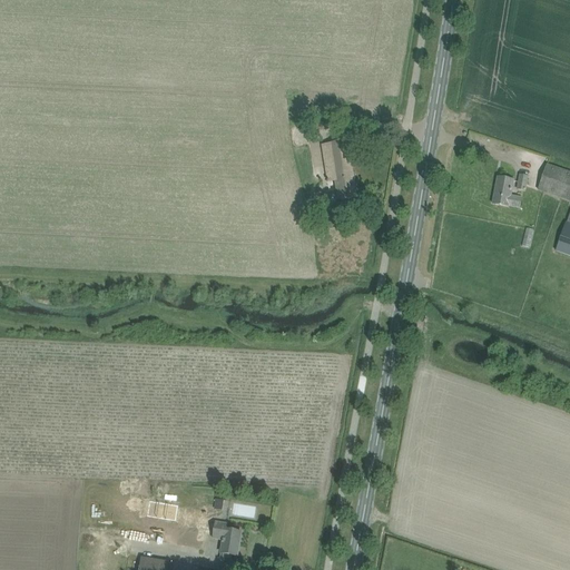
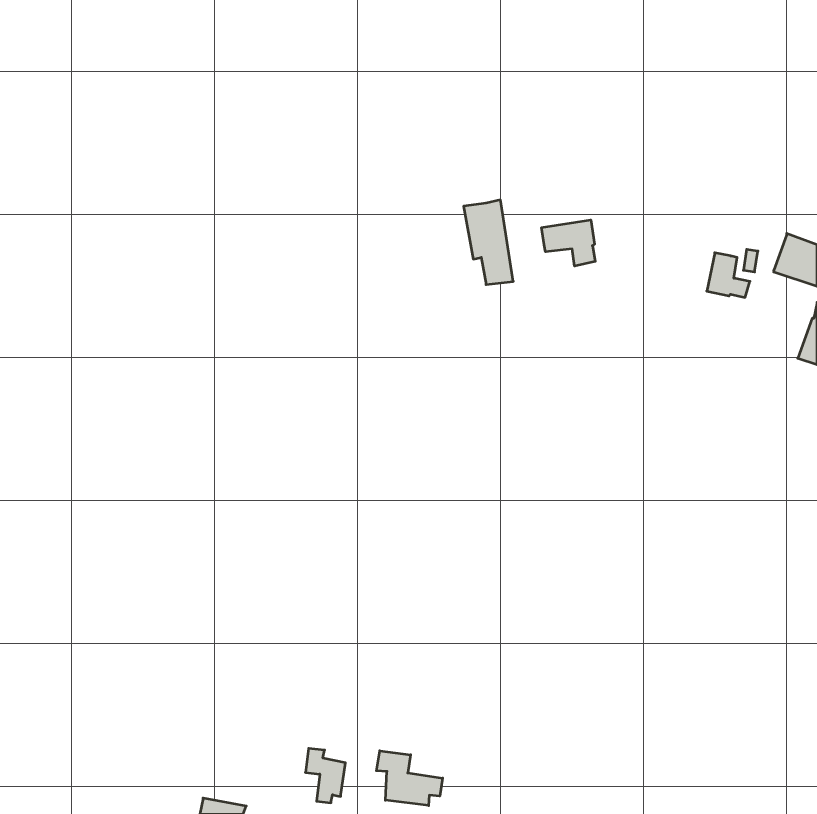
building: none -> [542,220,595,266]
building: none -> [376,751,443,806]

